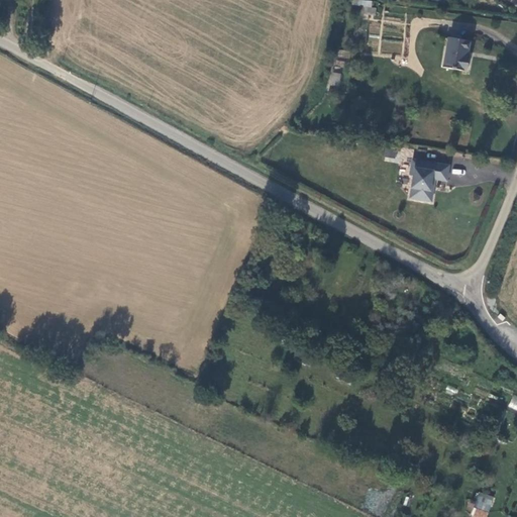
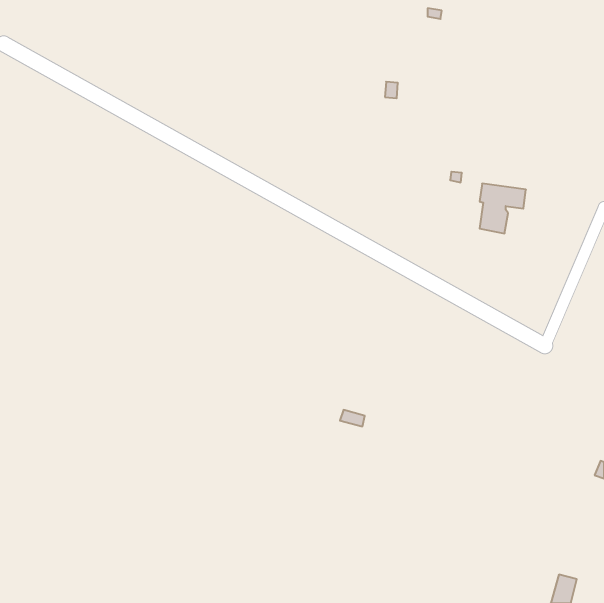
building: [444,36,472,72] -> none

